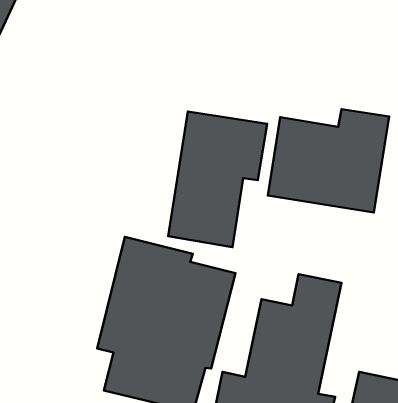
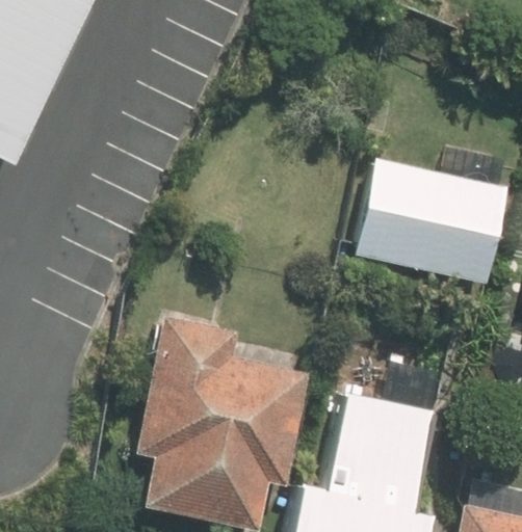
building: [168,111,267,247] -> none

